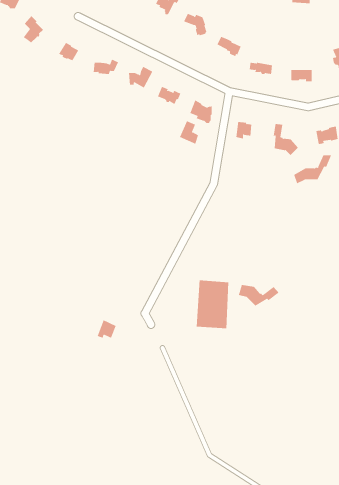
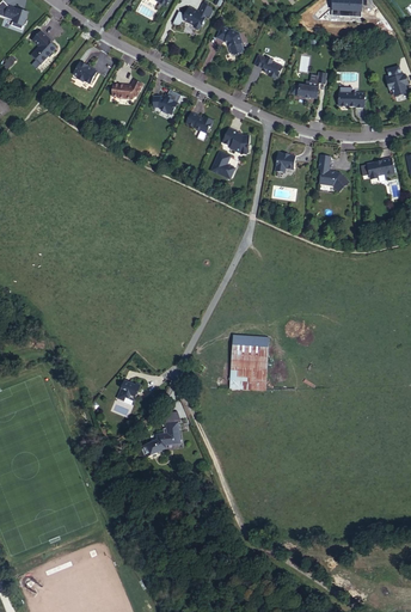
building: [294,154,332,184] -> none
building: [238,284,280,307] -> none
building: none -> [140,421,180,457]

